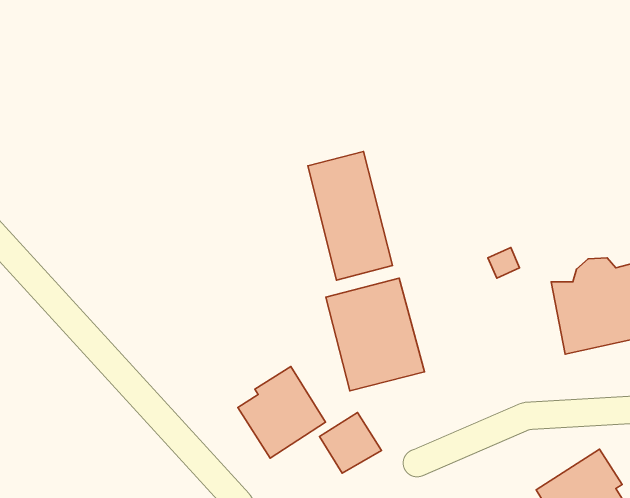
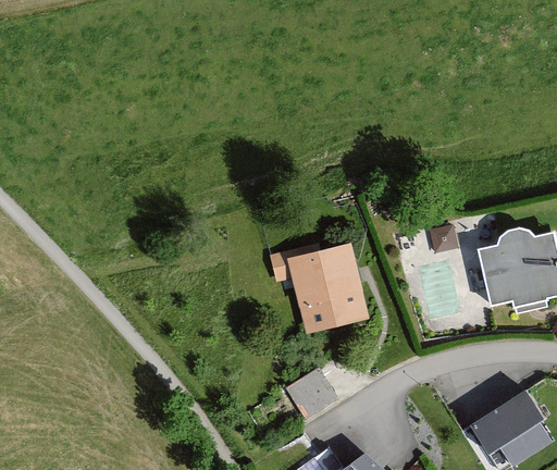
building: [308,152,393,280] -> none
building: [238,366,325,458] -> none

